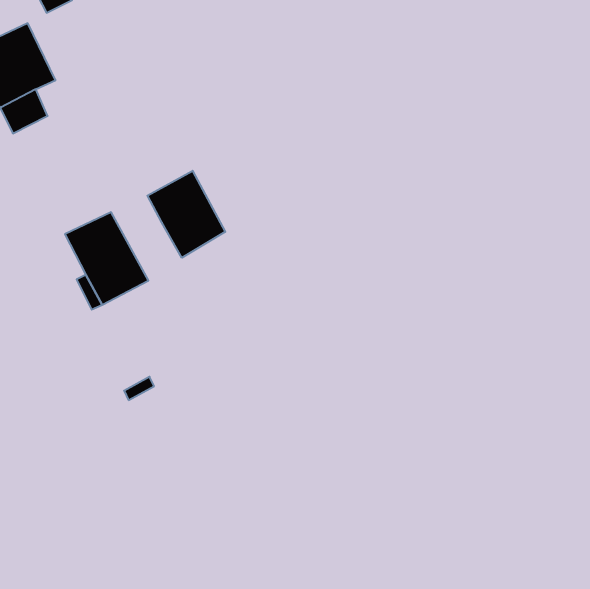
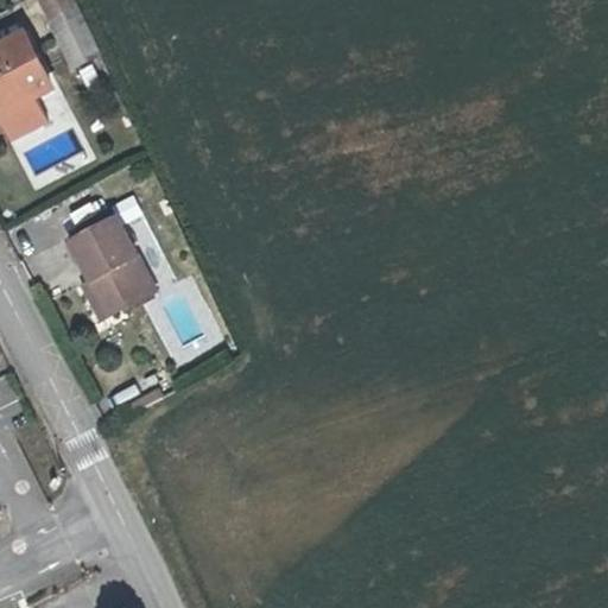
building: [147,171,225,258] -> none

